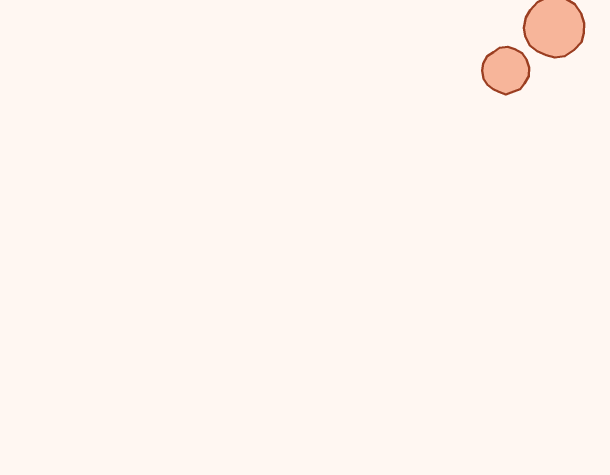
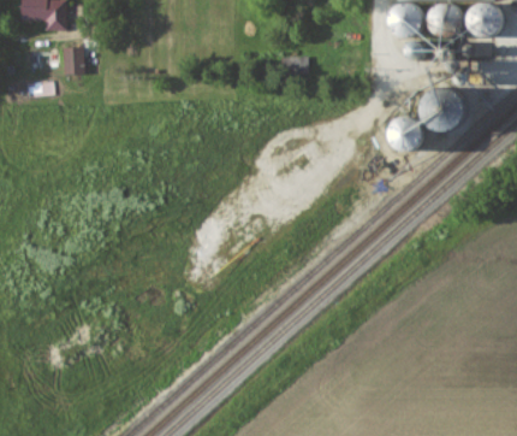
building: none -> [63,48,83,76]

